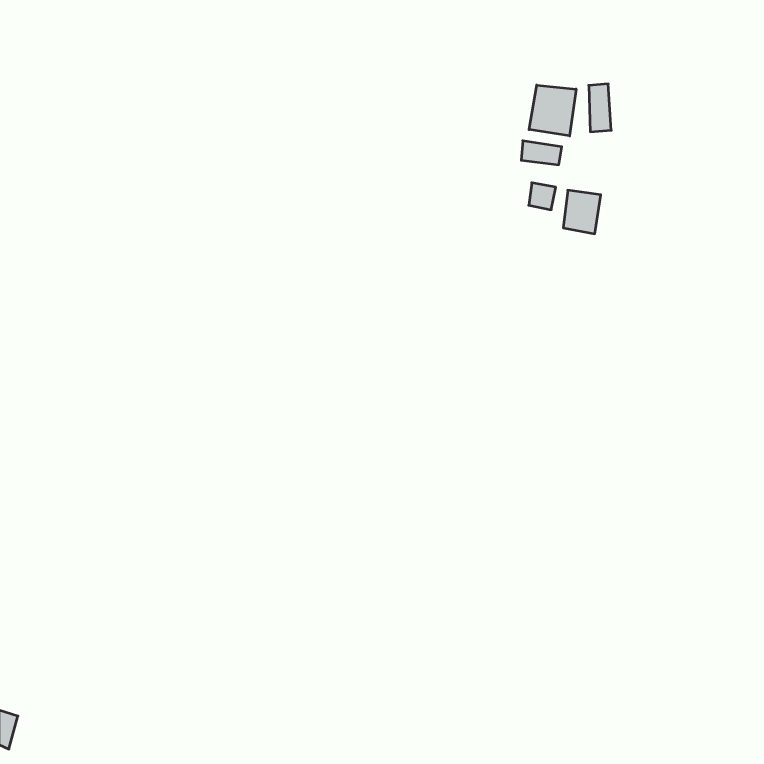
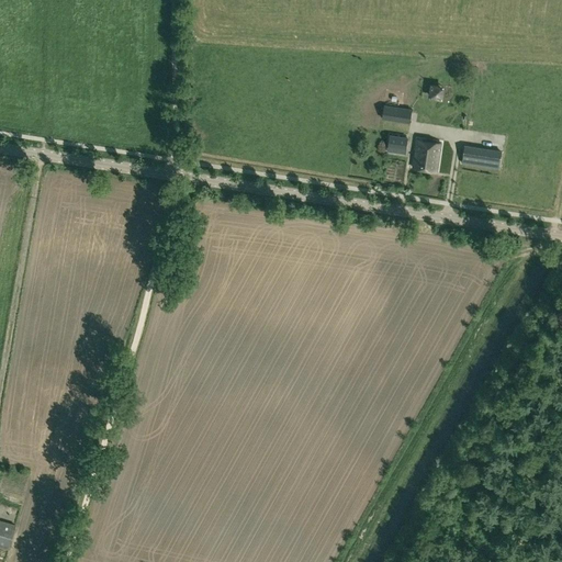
building: [529,85,576,136] -> none
building: none -> [461,146,501,169]

